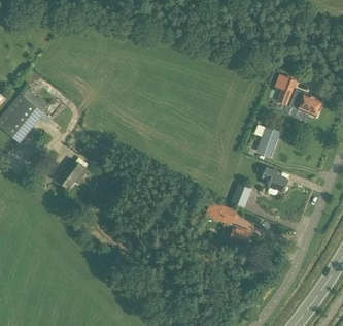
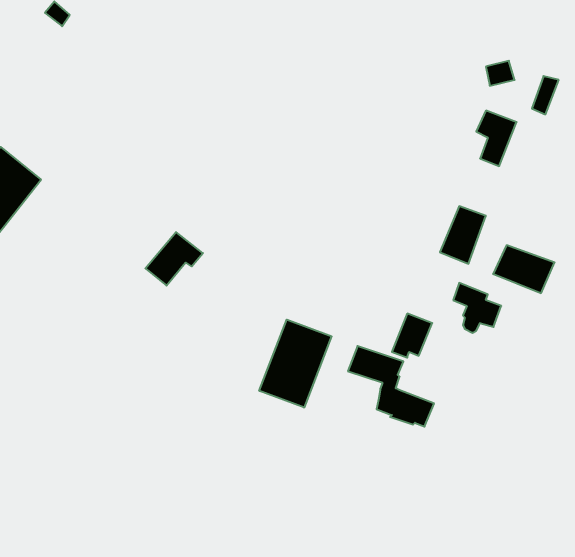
building: [289,90,322,116] -> [493,245,555,293]
building: [56,160,87,189] -> [145,232,203,286]
building: none -> [259,320,332,408]

